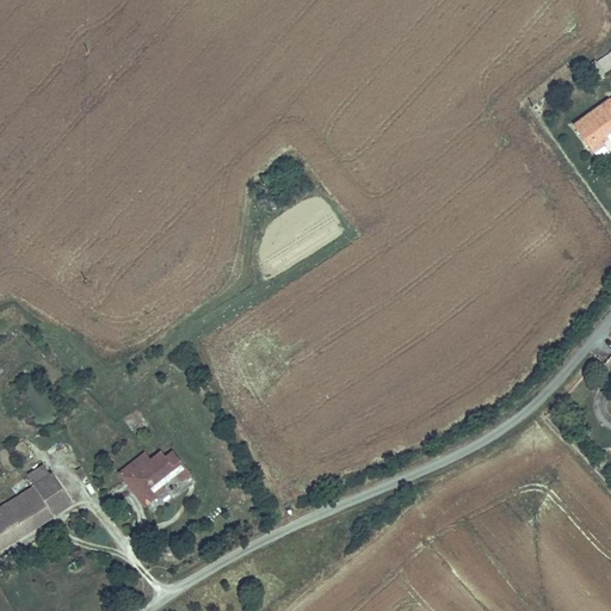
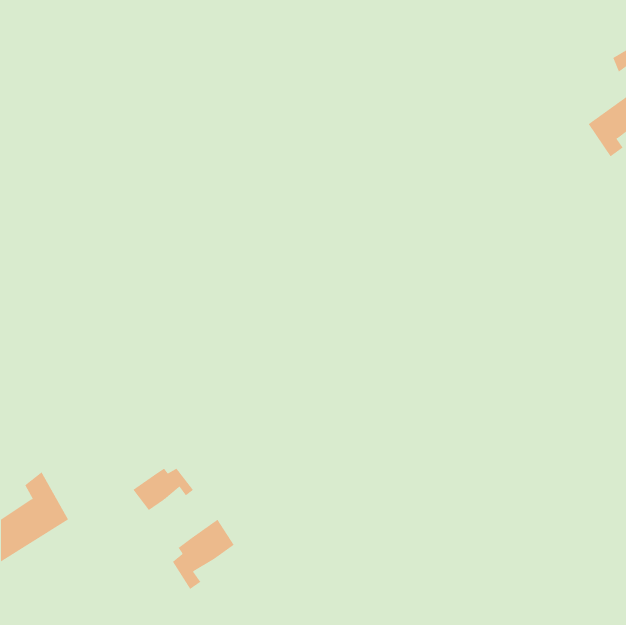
building: [121,455,163,505] -> none
building: none -> [172,519,234,590]

